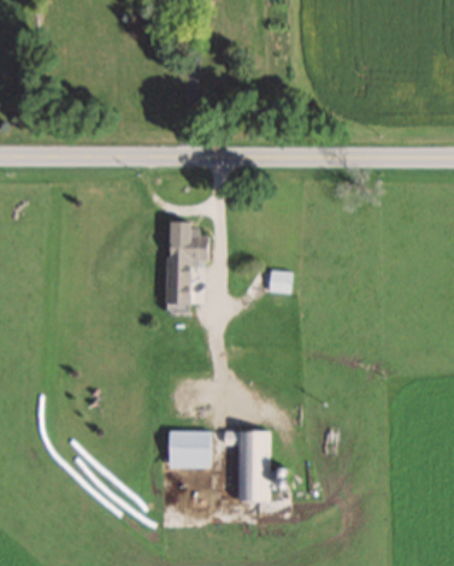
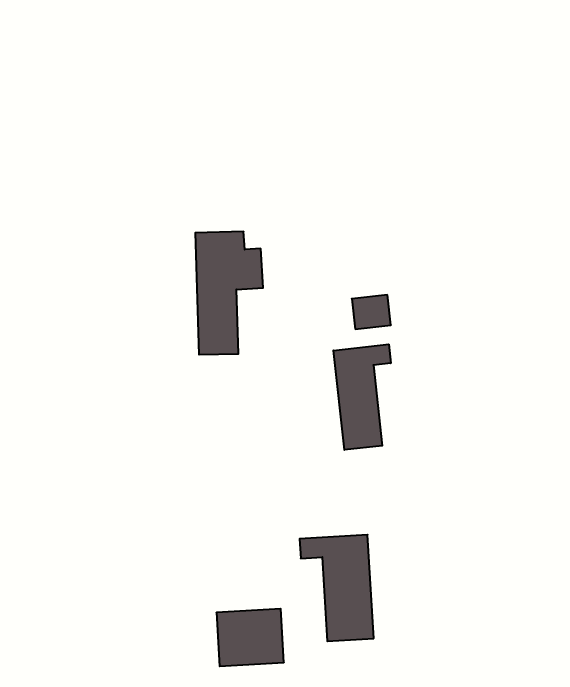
building: none -> [333,344,391,450]
building: [167,431,211,467] -> [216,609,284,666]

